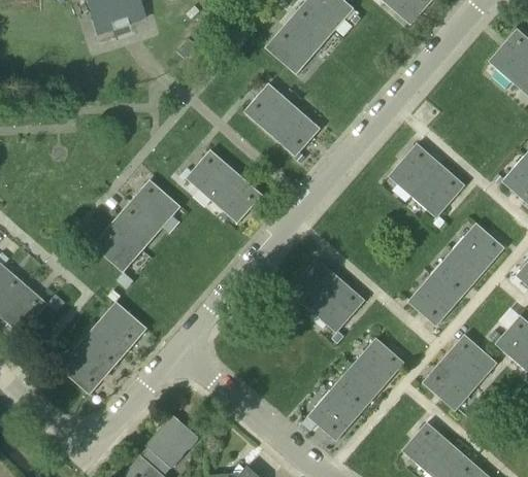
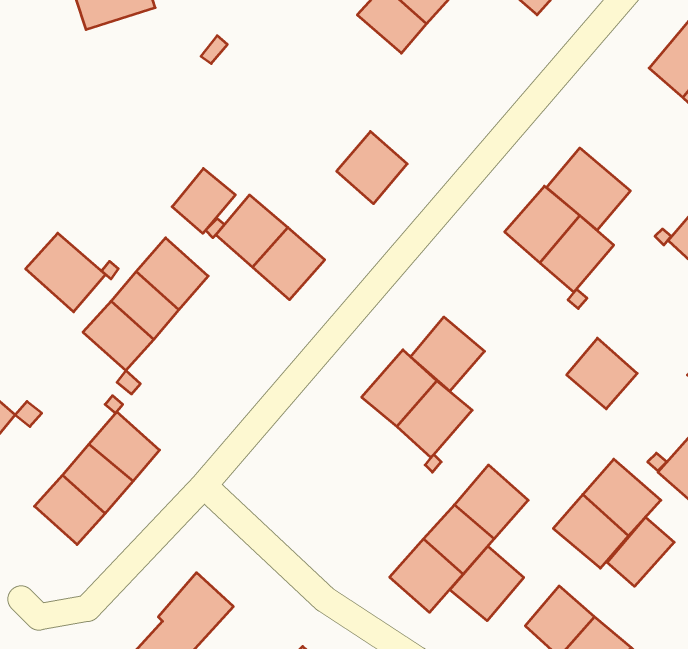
building: [265,24,316,73] -> none
building: [243,82,294,133] -> none
building: none -> [547,148,630,230]
building: none -> [172,168,235,233]
building: none -> [26,233,106,312]
building: [453,223,504,274] -> none
building: none -> [411,317,485,391]
building: [407,275,459,326] -> none
building: none -> [607,517,674,586]
building: none -> [450,546,524,621]

